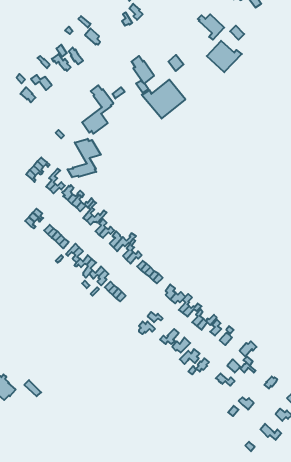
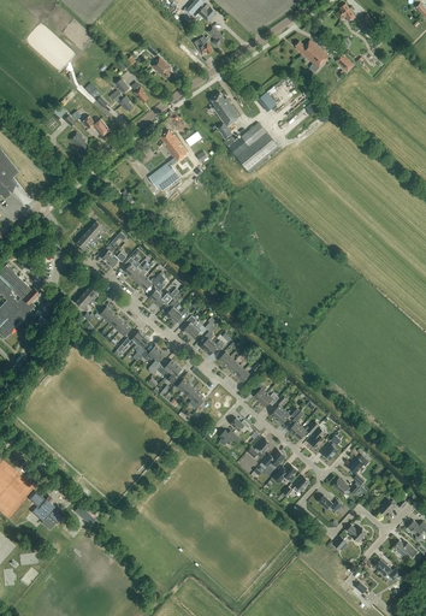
building: [207,41,242,72] -> none
building: [67,139,101,177] -> none

